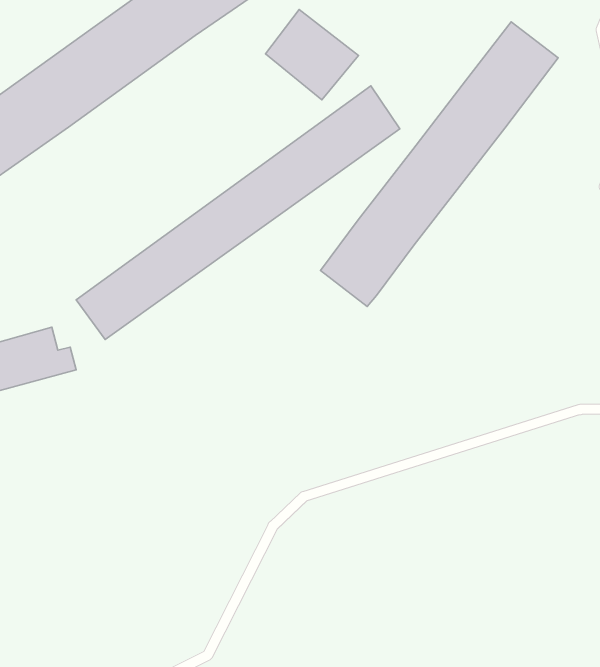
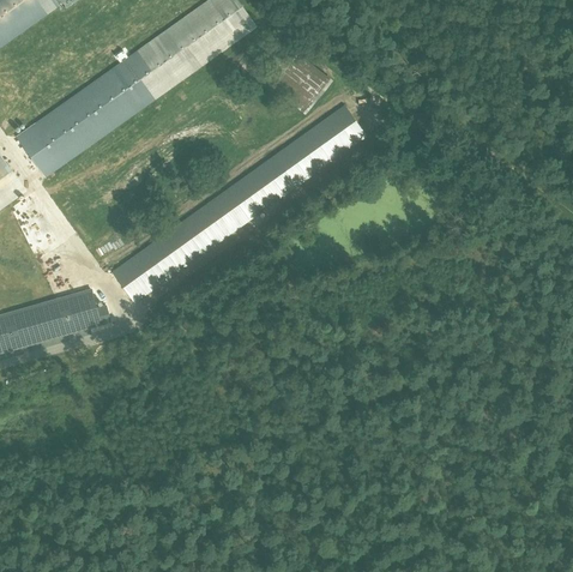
building: [320,22,558,307] -> none

